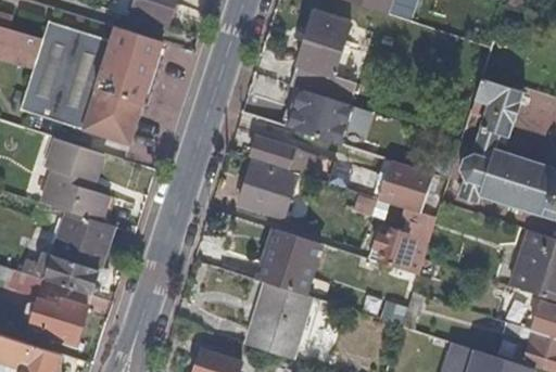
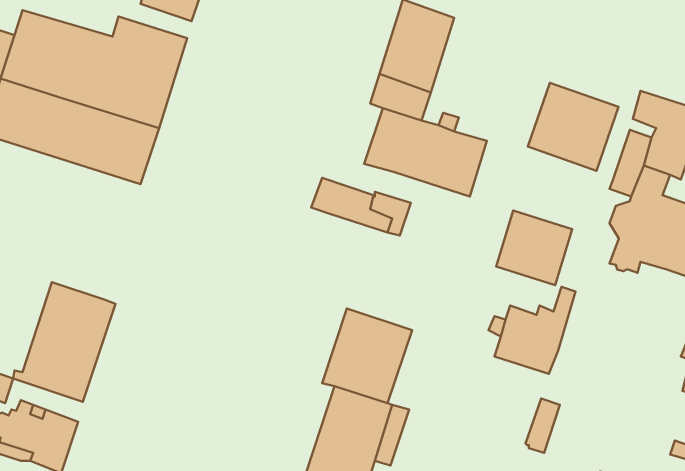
building: none -> [528,83,618,171]
building: [45,137,112,222] -> none
building: [238,163,291,217] -> none

